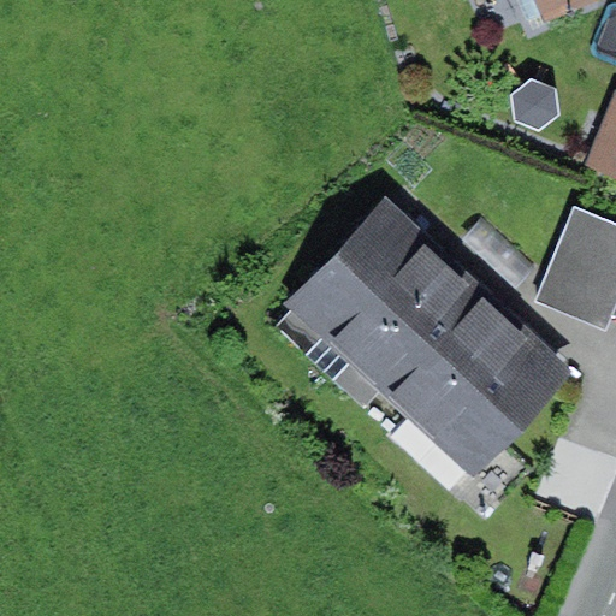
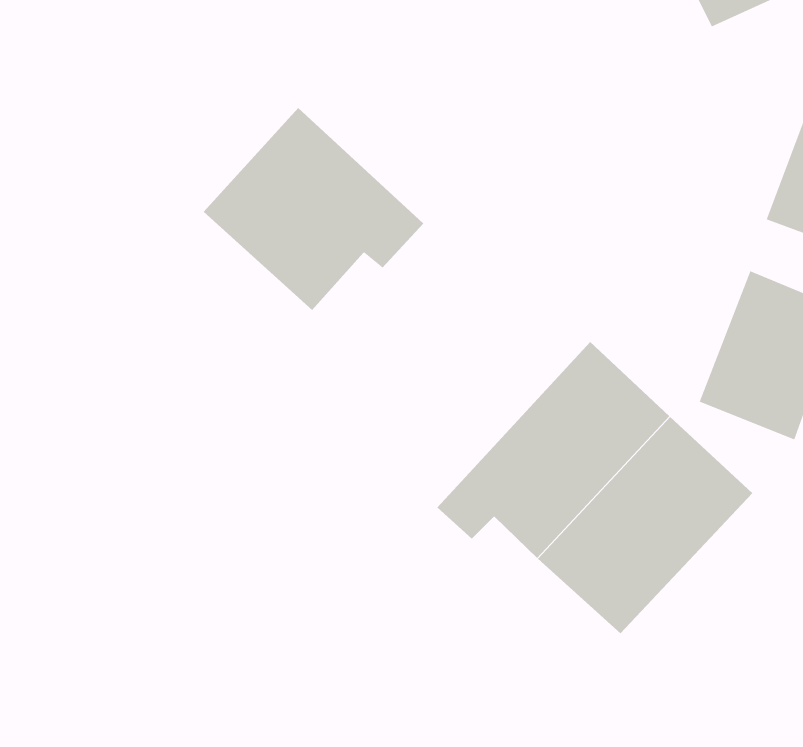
building: none -> [203,107,424,311]
building: [277,196,454,384] -> none

